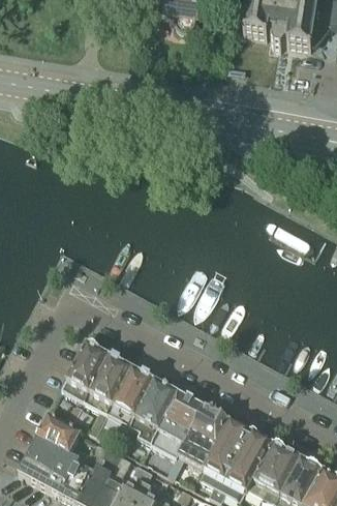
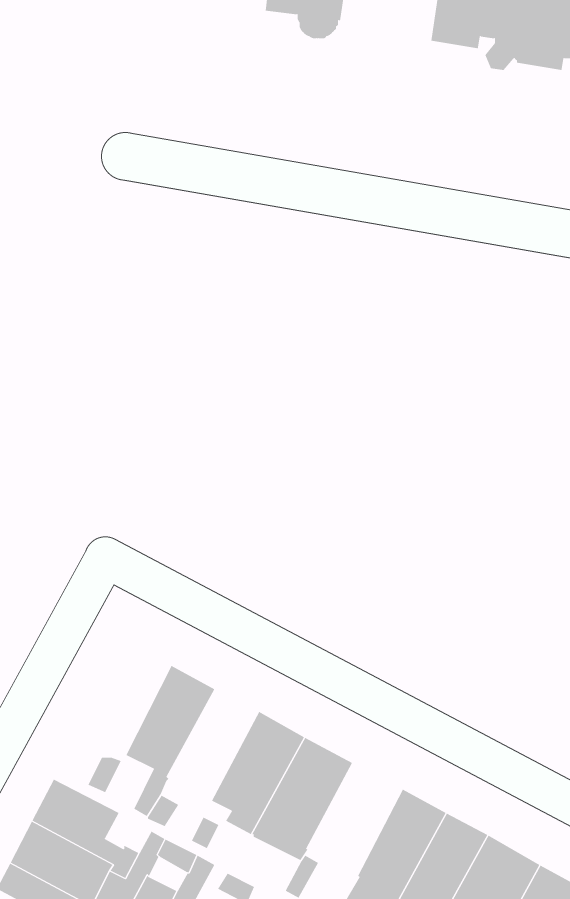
building: [61,340,109,399] -> none
building: [106,365,154,423] -> none
building: [179,404,228,463] -> none

